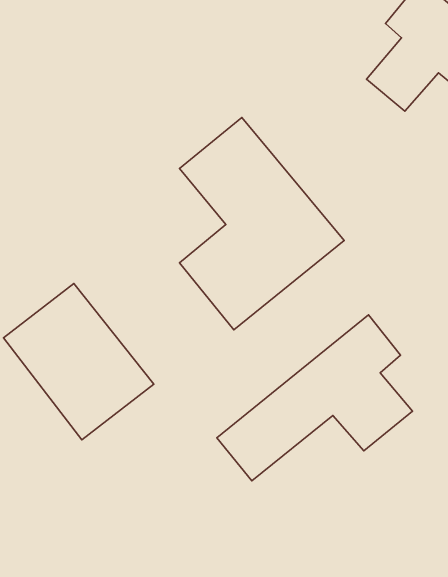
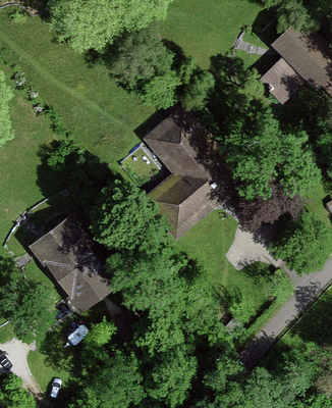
building: [217,315,412,481] -> none

